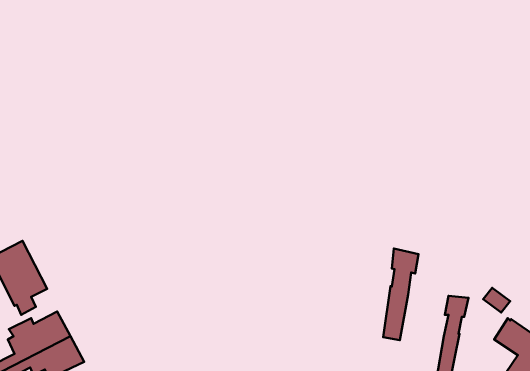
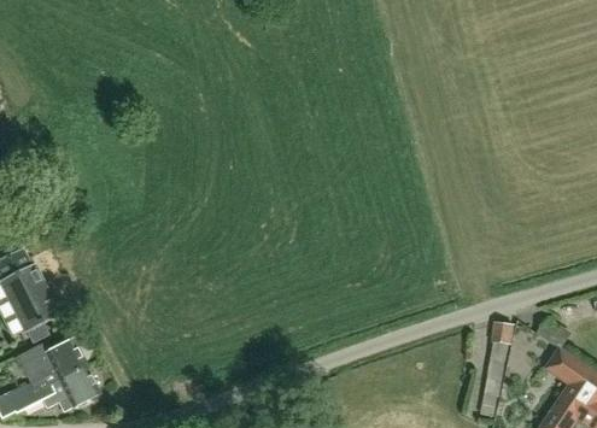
building: [383,248,419,340] -> none

